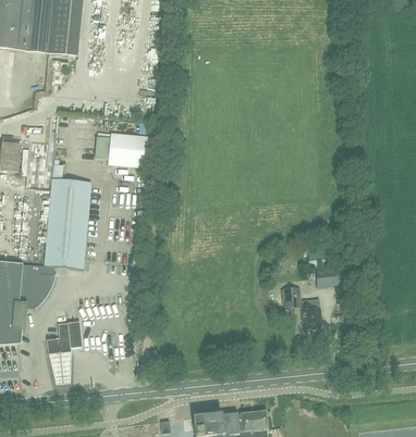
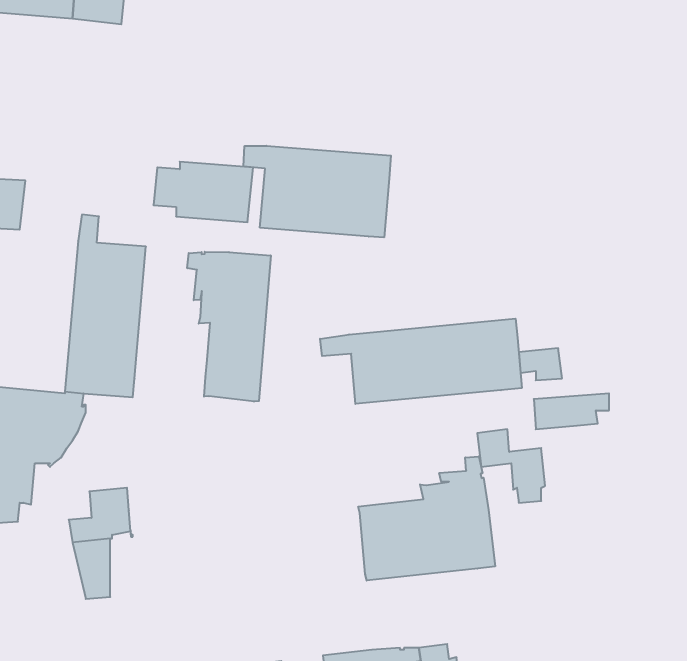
building: none -> [243,146,391,237]
building: none -> [187,252,271,402]
building: none -> [320,319,522,404]
building: none -> [358,456,495,581]

